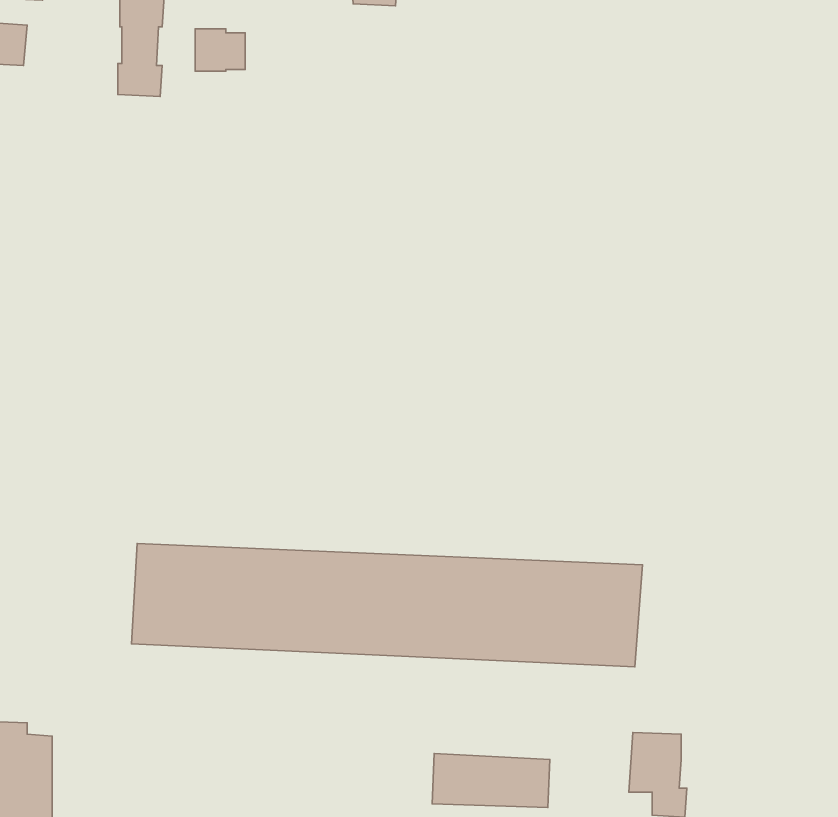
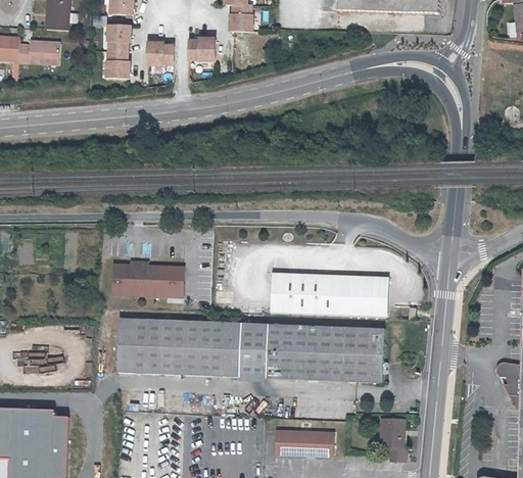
building: none -> [188,39,215,62]
building: none -> [110,259,186,297]
building: none -> [269,272,388,316]

